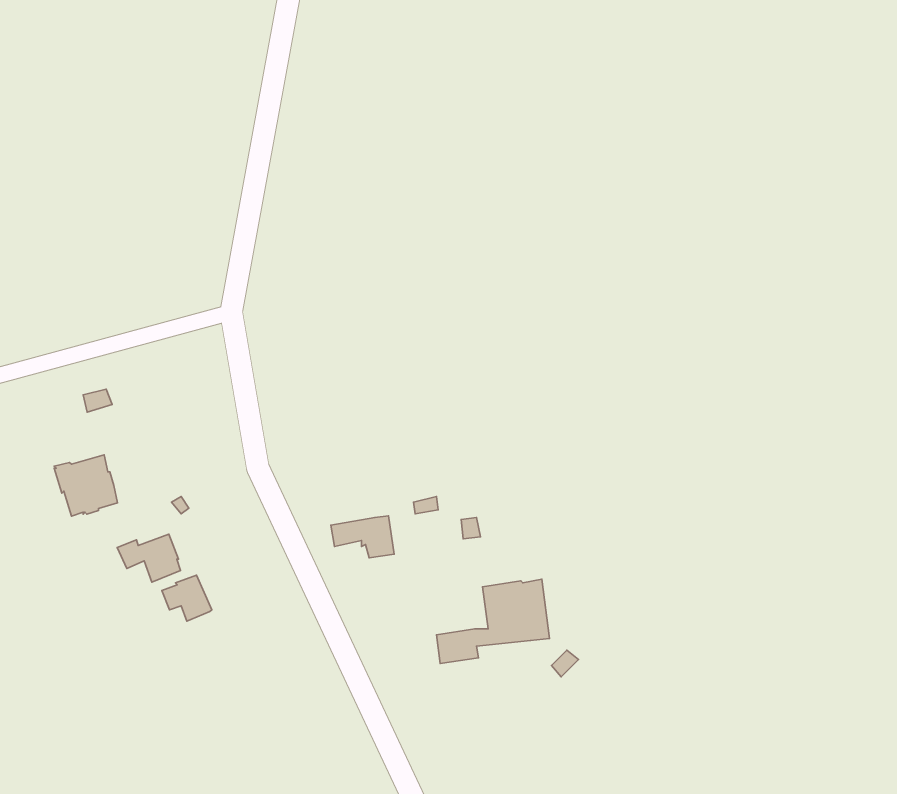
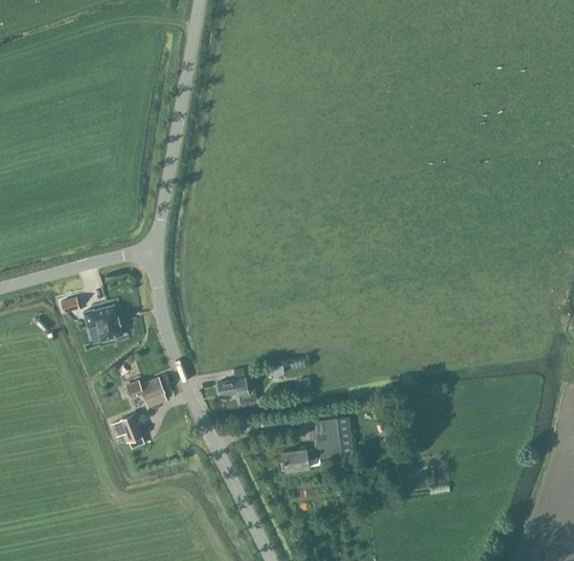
building: [54,455,118,516] -> [83,305,123,343]
building: [117,534,181,582] -> [126,377,166,407]

